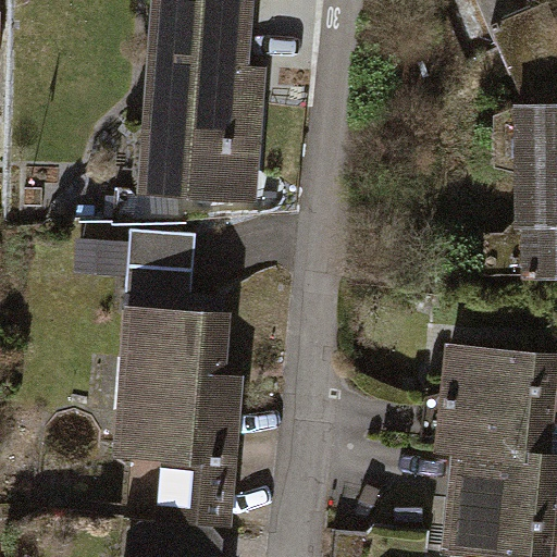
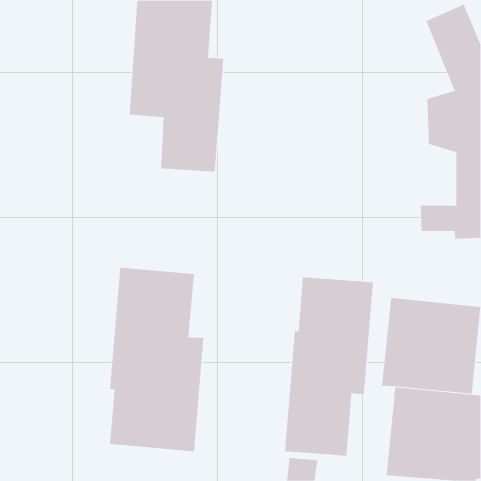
building: [126,227,196,301] -> none
building: none -> [285,276,373,457]

